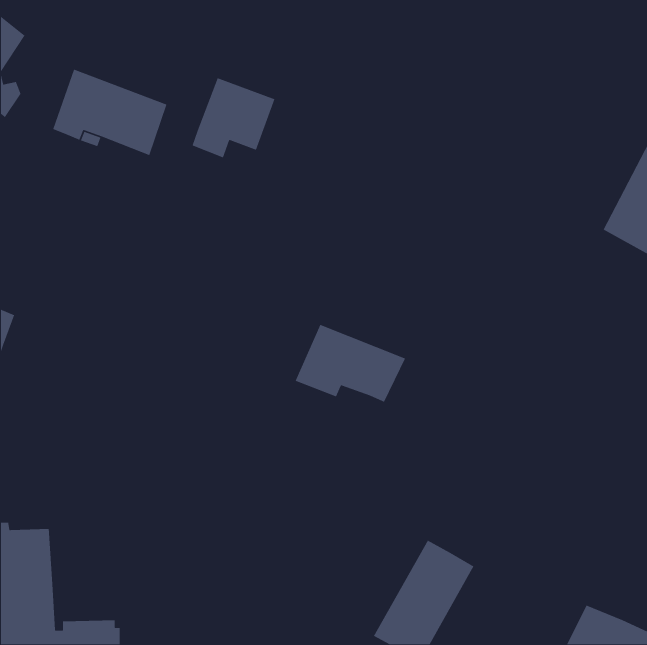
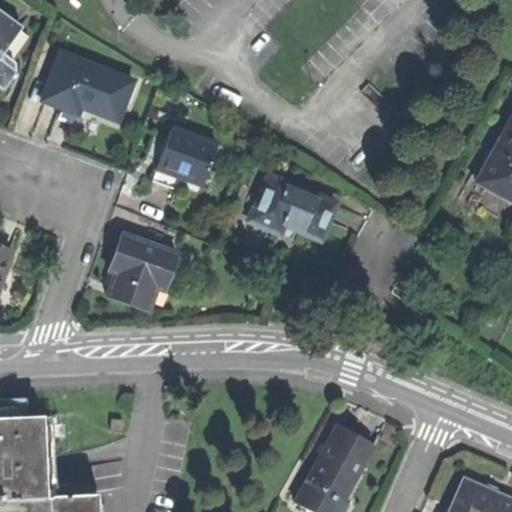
building: [192,77,275,159] -> [151,130,217,194]
building: none -> [107,233,177,309]
building: [294,324,406,403] -> [247,178,335,240]

